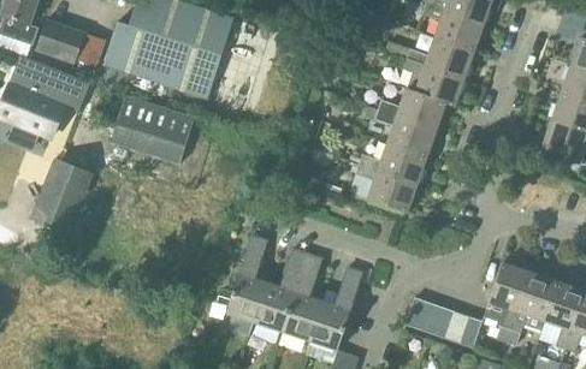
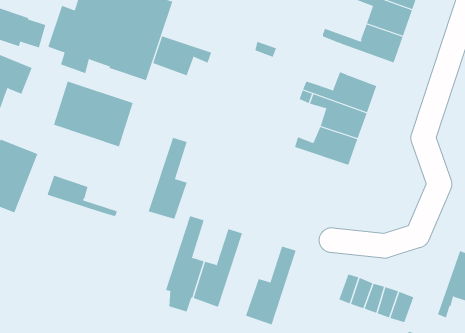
building: none -> [152,35,212,76]
building: [403,59,463,106] -> none
building: [356,166,416,212] -> none
building: none -> [47,175,117,217]
building: [282,255,322,340] -> [148,137,188,220]
building: [485,263,531,339] -> none

